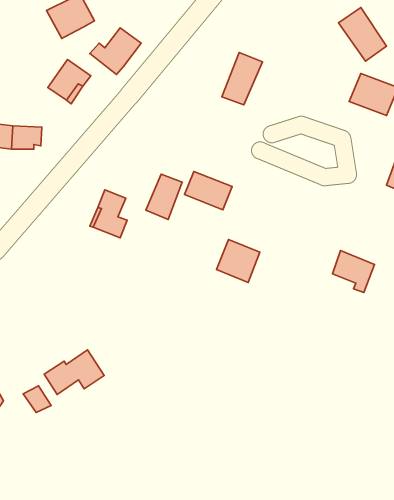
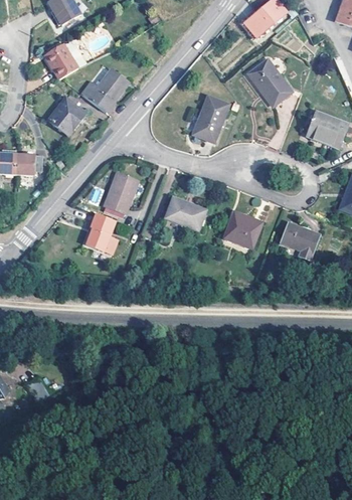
building: [339,8,386,61] -> [250,59,292,106]
building: [146,174,182,219] -> [105,173,136,212]
building: [217,239,260,282] -> [224,211,261,248]
building: [332,250,374,292] -> [281,222,317,259]
building: [44,350,104,395] -> none

